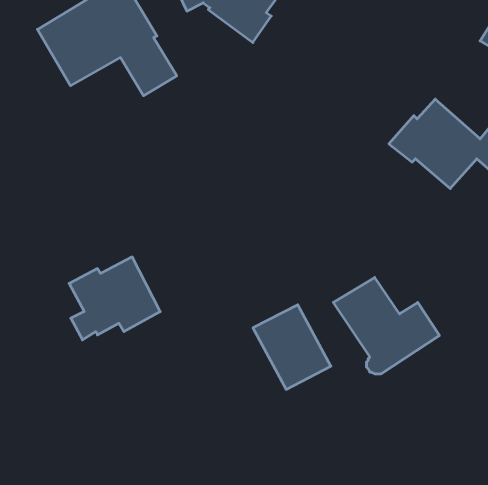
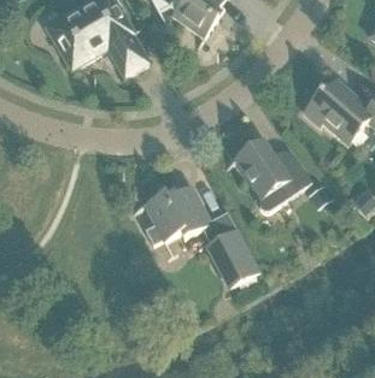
building: [69,257,160,340] -> [143,182,210,242]
building: [333,277,439,374] -> [233,137,310,207]

